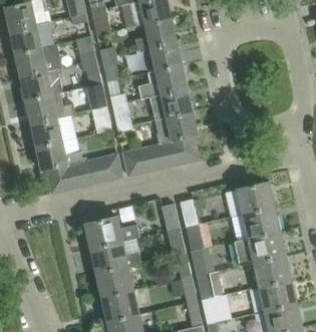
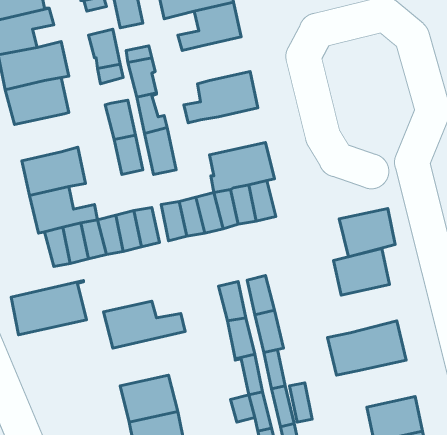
building: [149,41,182,70] -> none
building: [148,88,192,119] -> none
building: [25,92,74,123] -> none
building: [242,206,279,238] -> [339,208,395,257]
building: [90,237,140,273] -> [11,280,87,335]
building: [253,256,291,287] -> none

